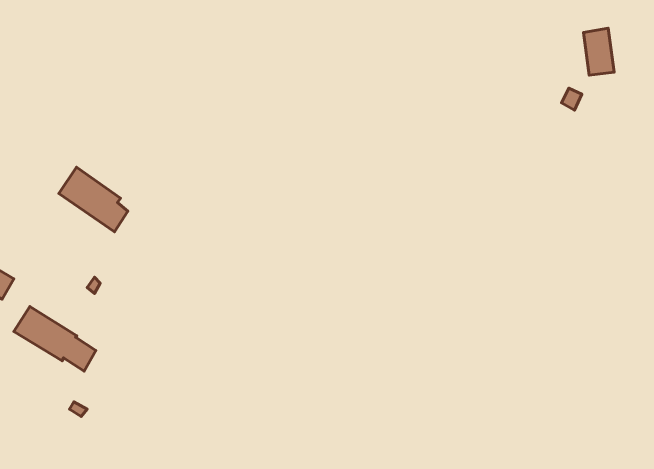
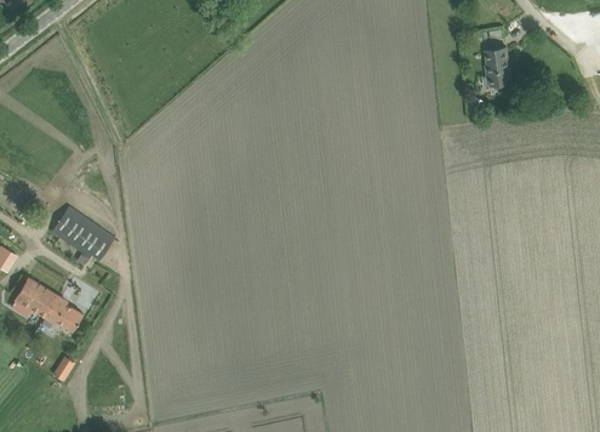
building: [59,167,128,232] -> [52,208,109,261]

